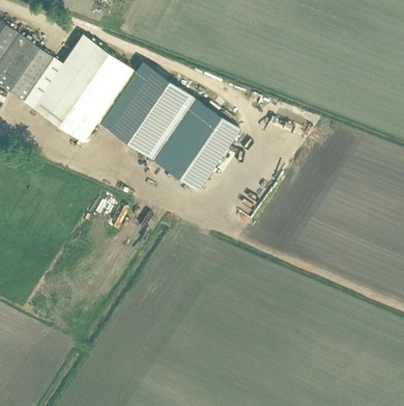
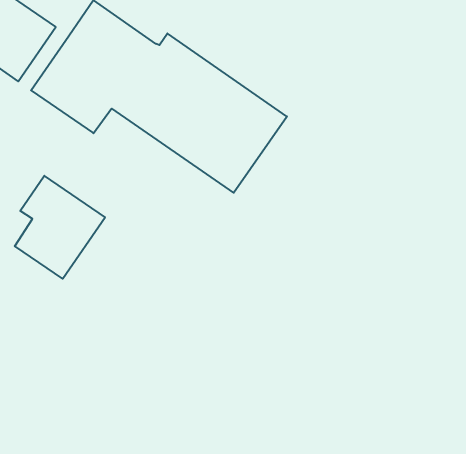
building: none -> [15,176,105,279]

